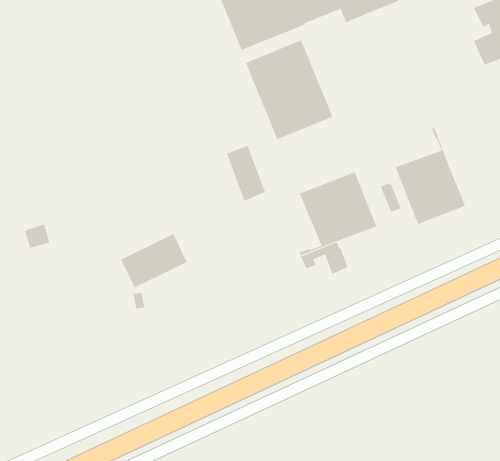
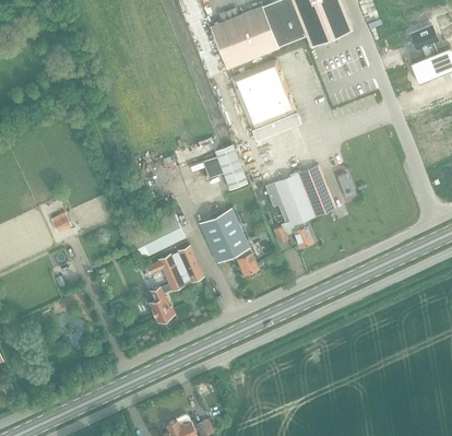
building: [395,127,466,225] -> none
building: none -> [199,209,258,275]
building: none -> [142,246,204,322]

